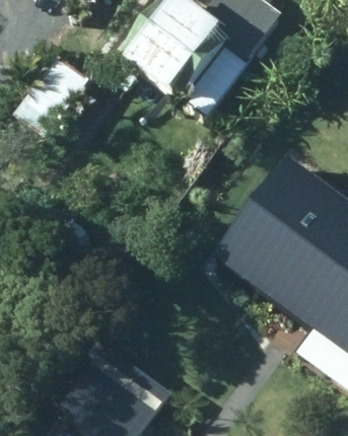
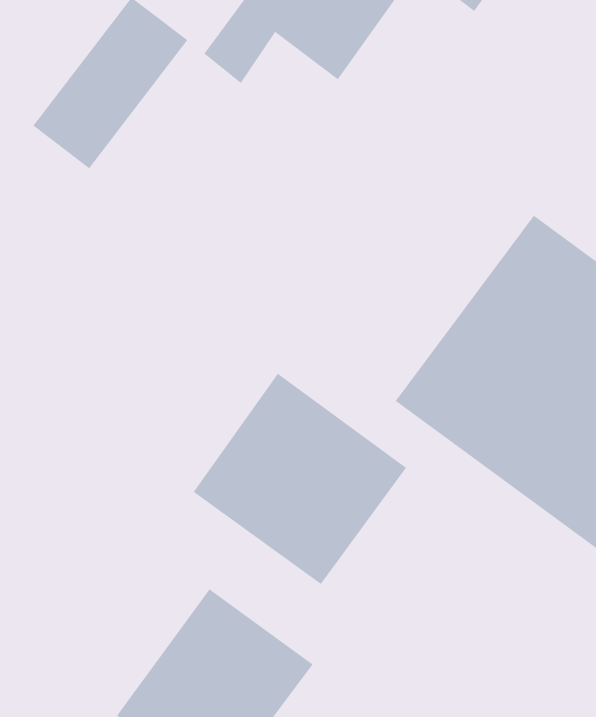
building: none -> [193,373,407,585]

